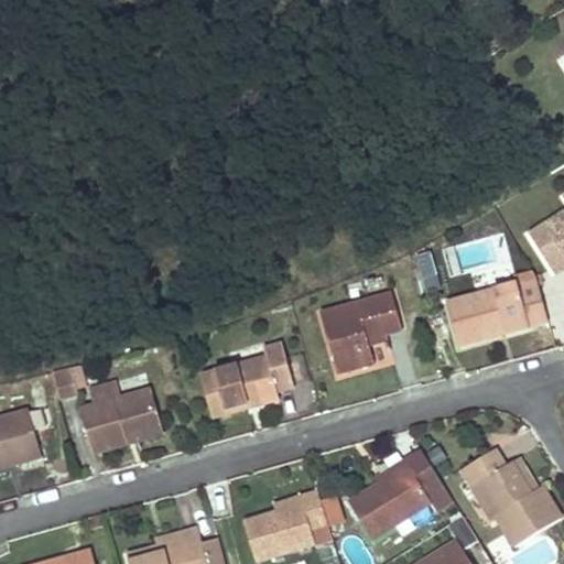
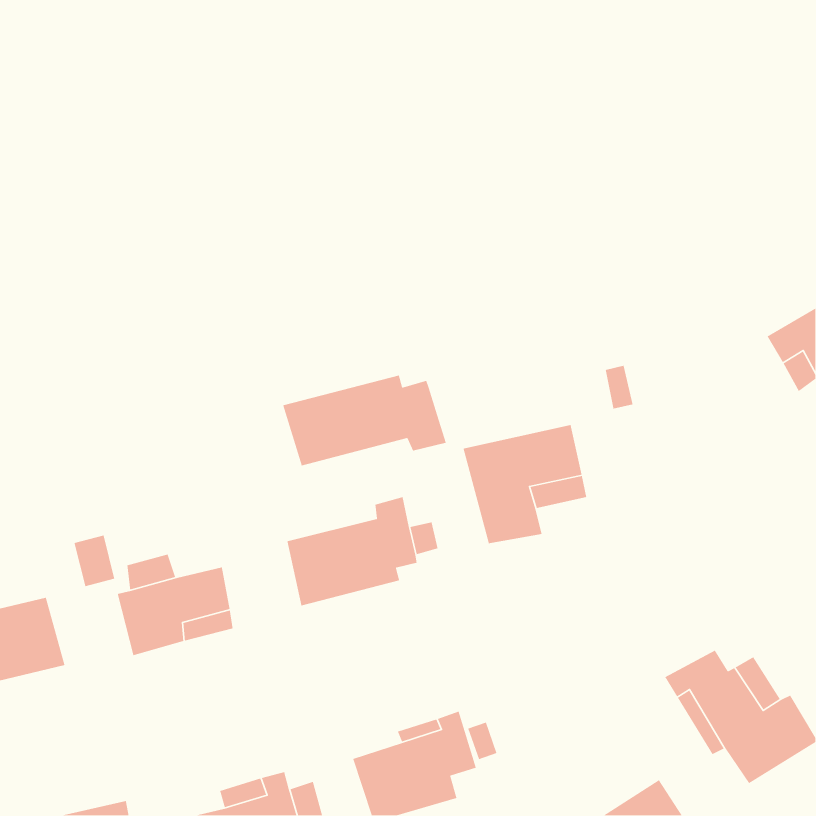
building: none -> [282,374,447,467]
building: [447,285,549,348] -> none
building: [348,447,441,539] -> none

